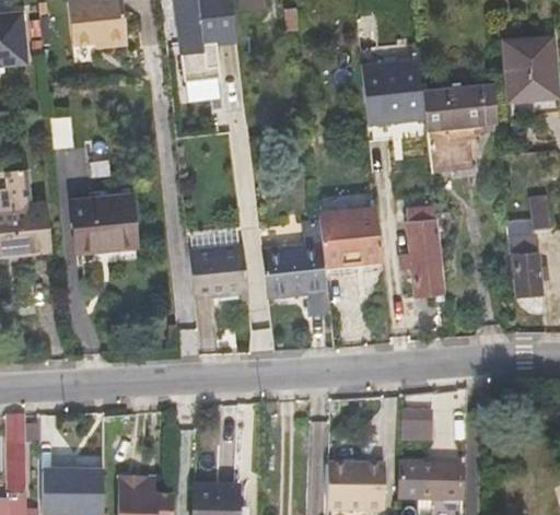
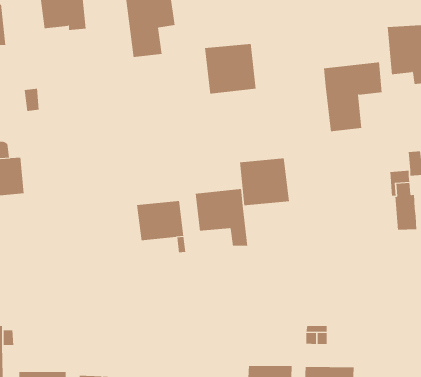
building: [360,57,425,120] -> [204,43,257,94]
building: [71,194,136,249] -> none
building: [399,204,444,295] -> none

